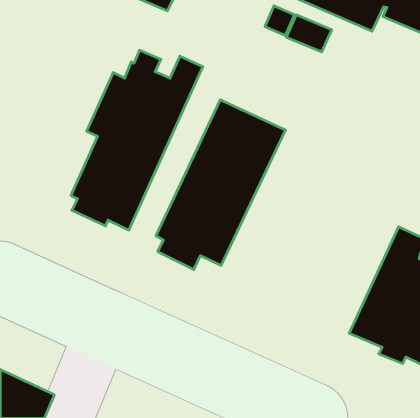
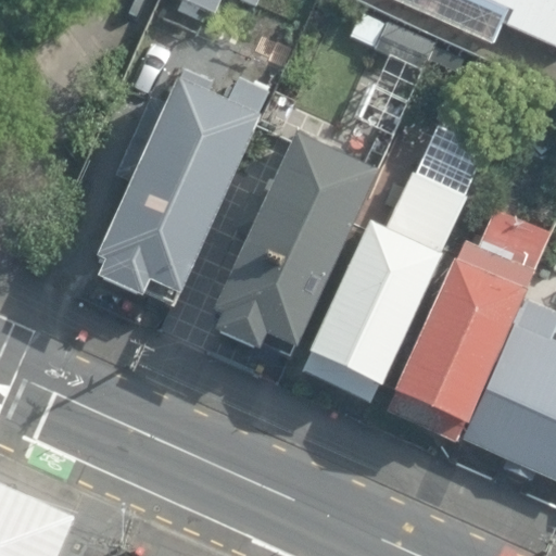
building: none -> [300,172,465,403]
building: none -> [388,210,548,441]

